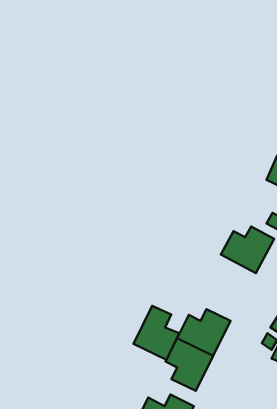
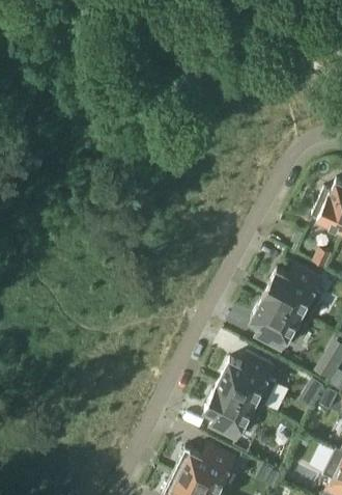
building: none -> [252,295,302,351]
building: [133,306,179,360] -> none

